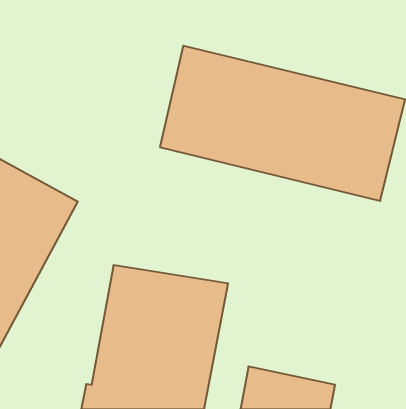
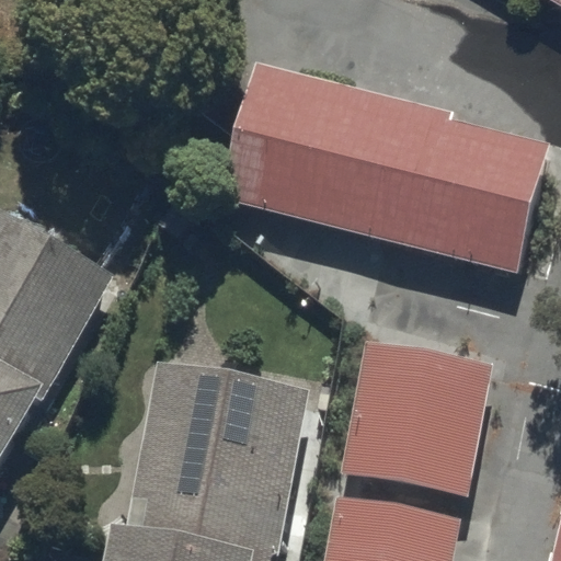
building: none -> [340,337,496,496]

